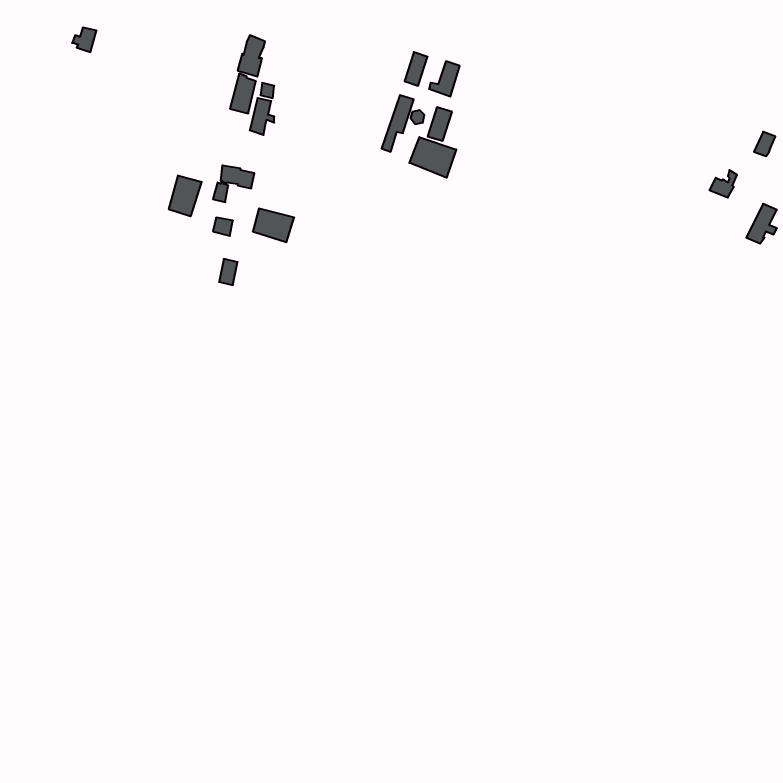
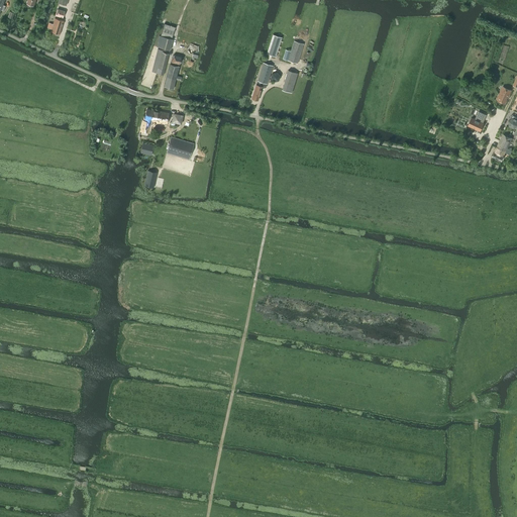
building: [409,137,456,178] -> none
building: [169,175,202,216] -> none

